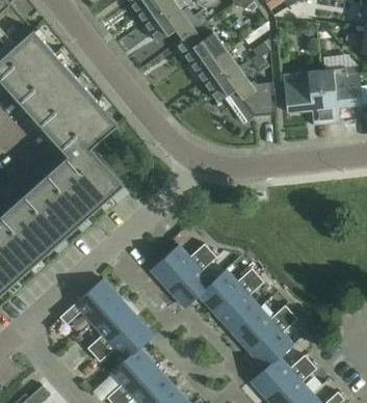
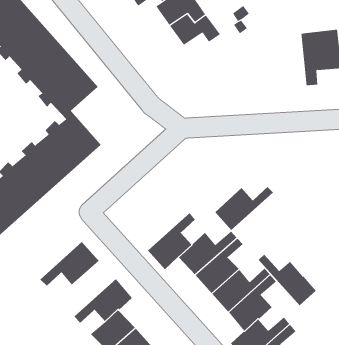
building: [203,71,276,125] -> none
building: [283,71,325,125] -> none
building: [150,244,209,289] -> [215,186,274,231]
building: none -> [258,254,317,306]
building: [86,299,135,355] -> none

